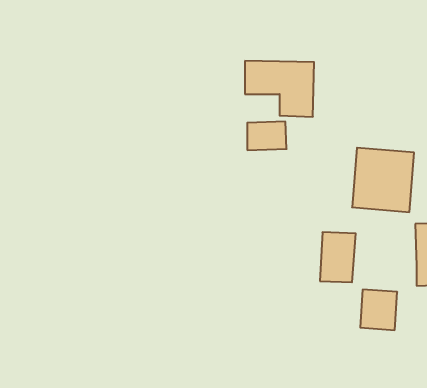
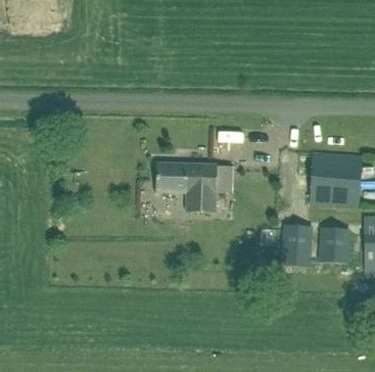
building: [245,61,314,117] -> [156,162,216,211]
building: [360,290,397,330] -> [319,228,350,263]

